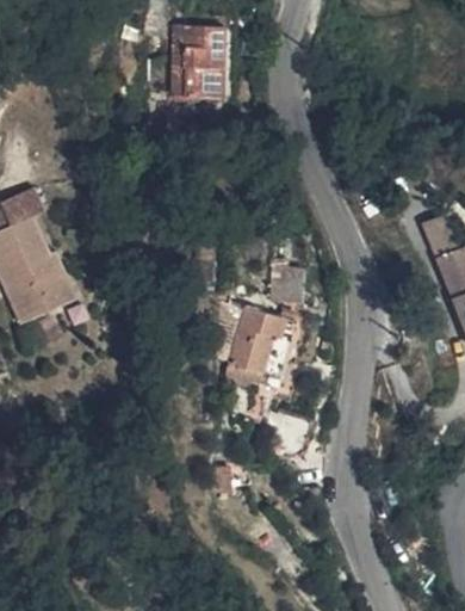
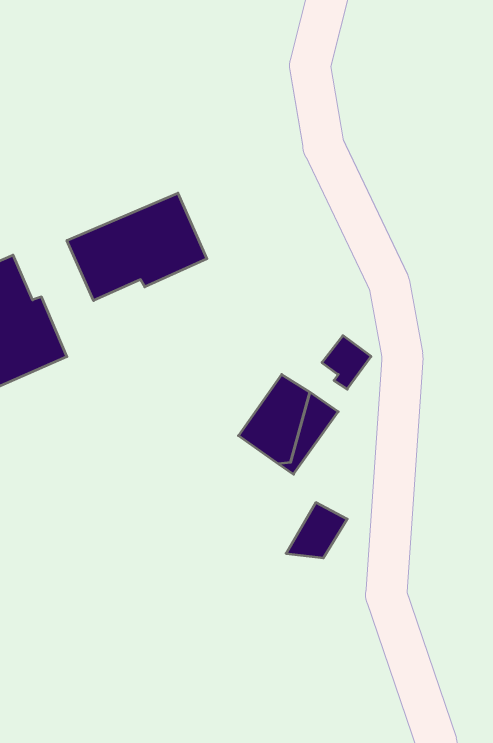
building: [169,24,225,98] -> none
building: none -> [67,193,207,301]

